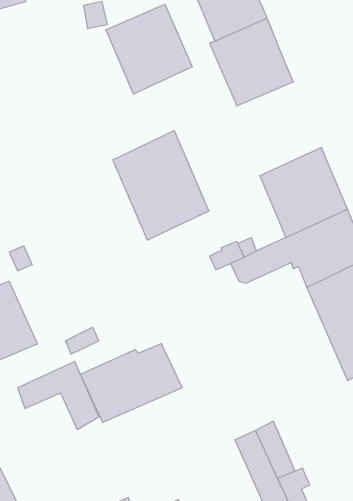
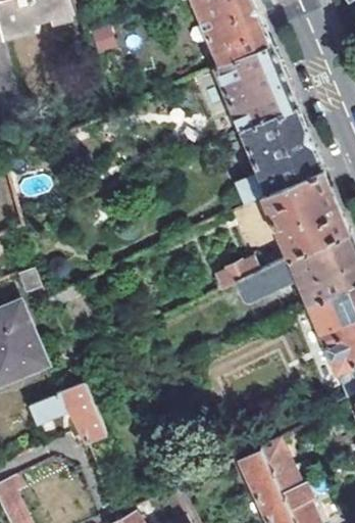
building: [106,4,192,94] -> none
building: none -> [238,106,322,206]
building: [113,131,209,240] -> none
building: [80,343,182,423] -> none

